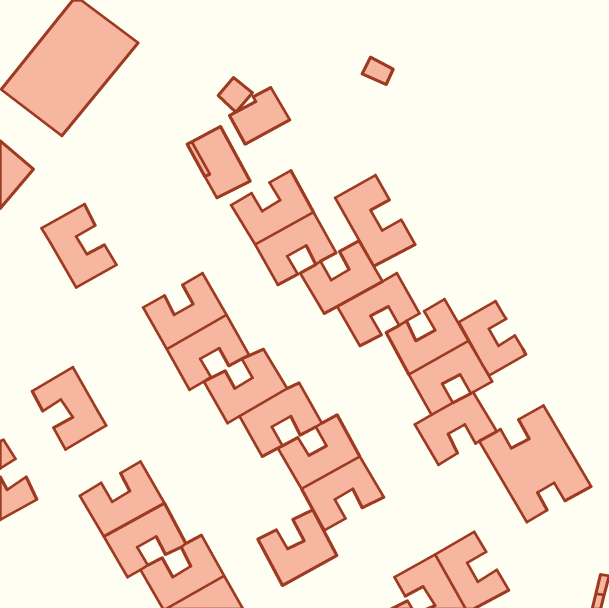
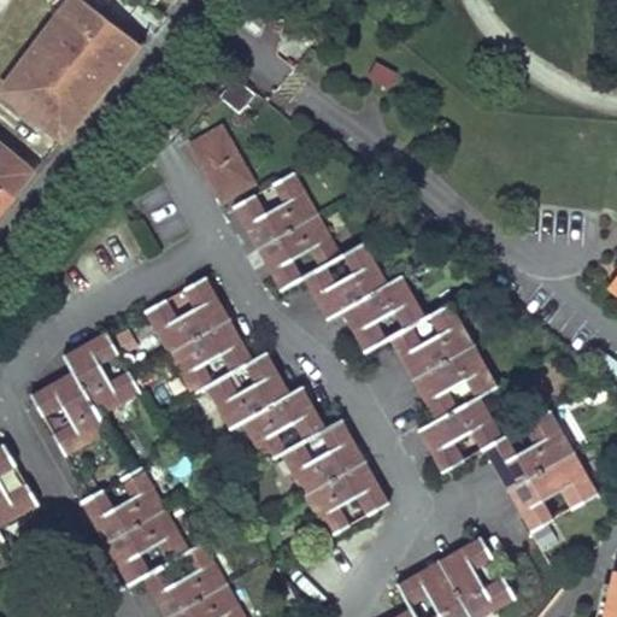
building: [229,88,290,144] -> none
building: [335,175,415,266] -> none
building: [41,204,117,288] -> [64,333,140,417]
building: [459,301,526,375] -> none
building: [258,510,337,586] -> none

